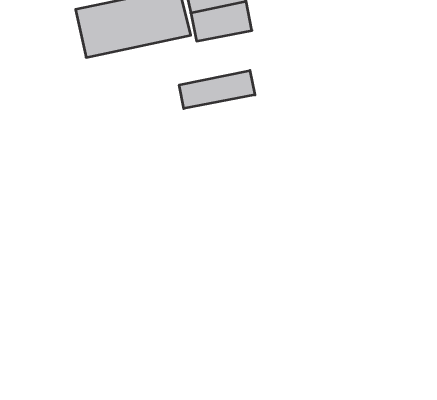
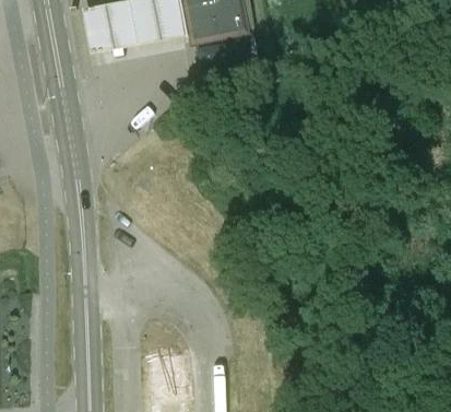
building: [179,70,255,109] -> none

